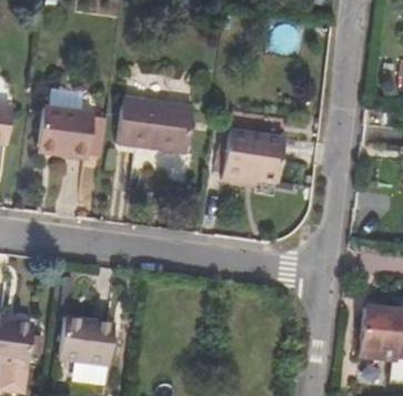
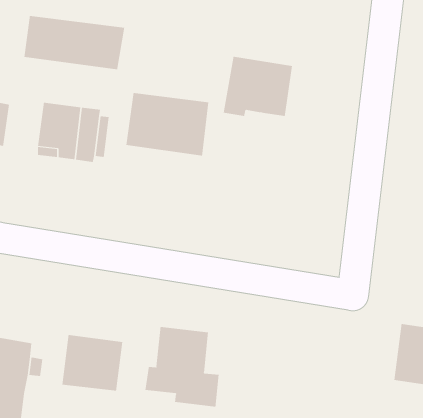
building: none -> [24,15,125,70]
building: [221,129,284,183] -> [223,56,293,116]
building: none -> [145,326,219,408]

